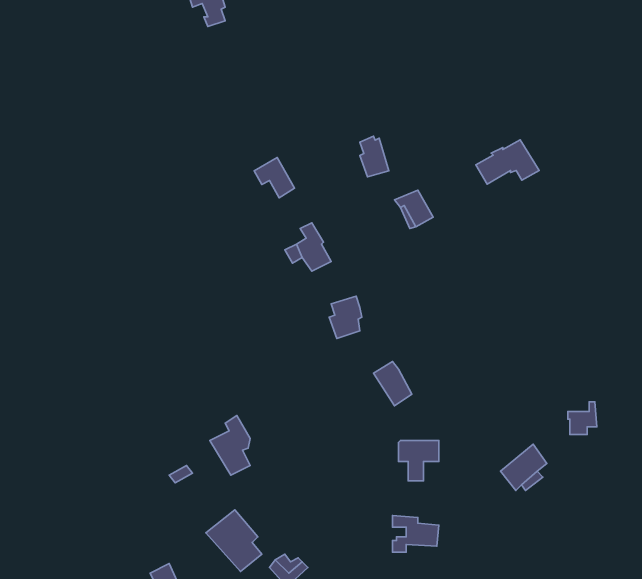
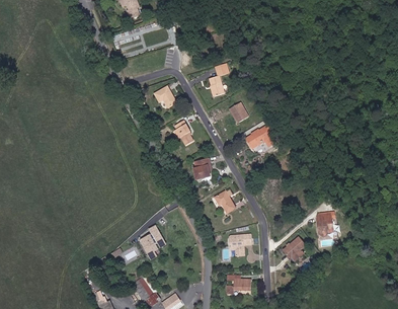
building: [476,140,539,184] -> [243,124,276,147]

